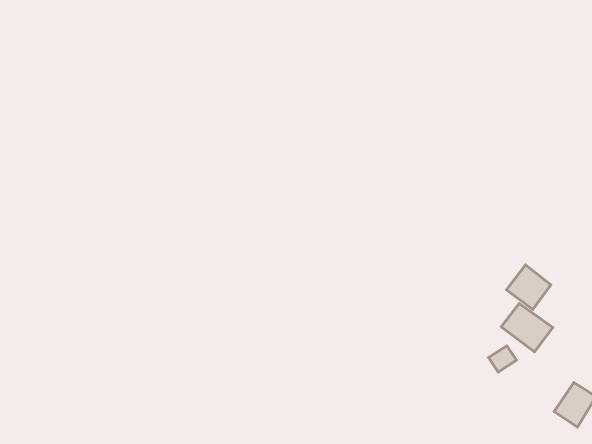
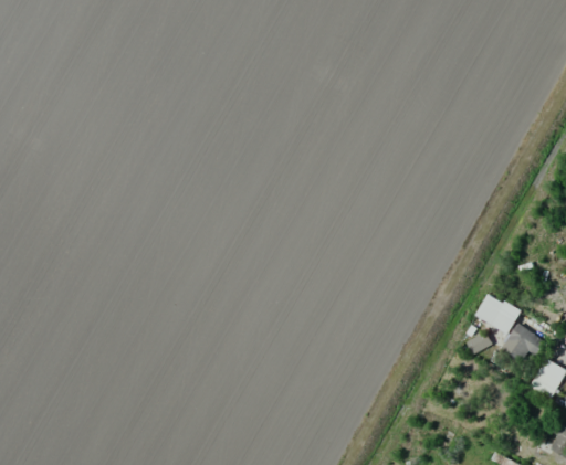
building: [506,265,551,310] -> none
building: none -> [501,324,544,363]

